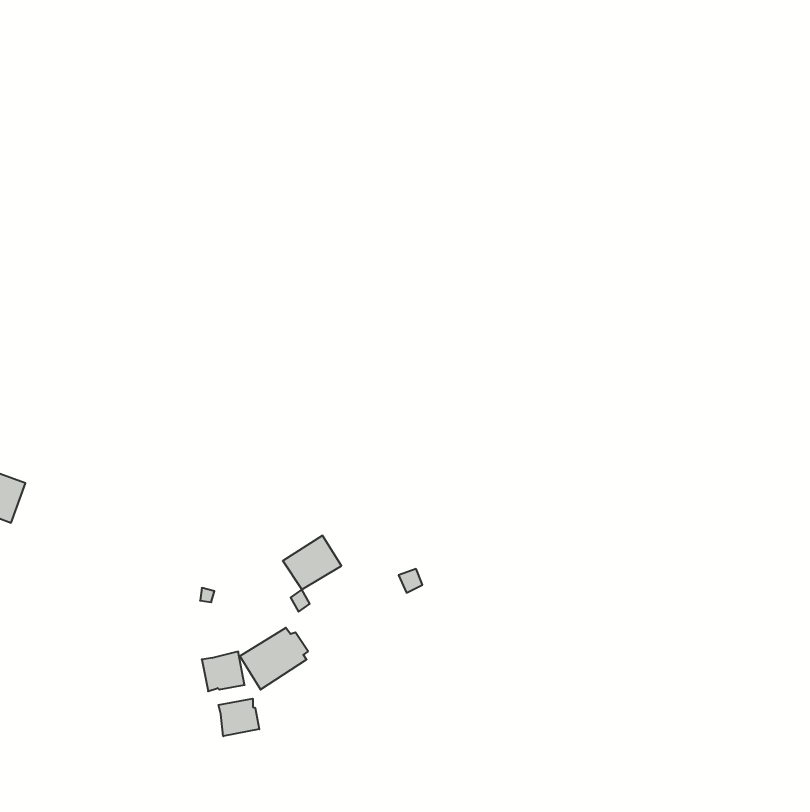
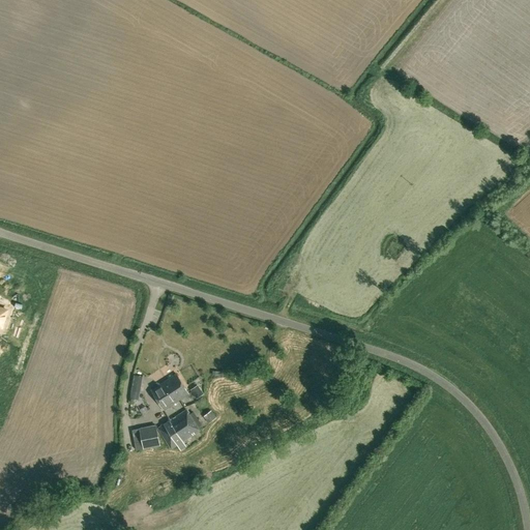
building: [283,536,341,590] -> [150,374,188,409]
building: [218,699,259,736] -> none

